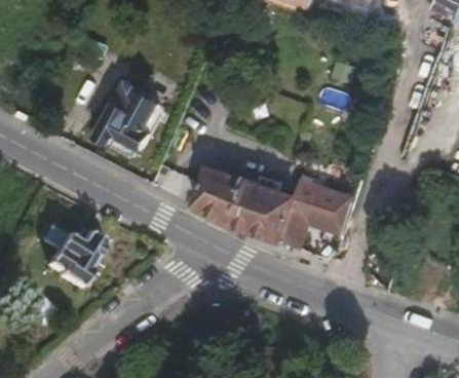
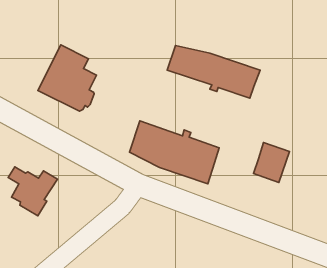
building: none -> [167,46,260,98]
building: [300,180,345,230] -> [254,143,290,183]

